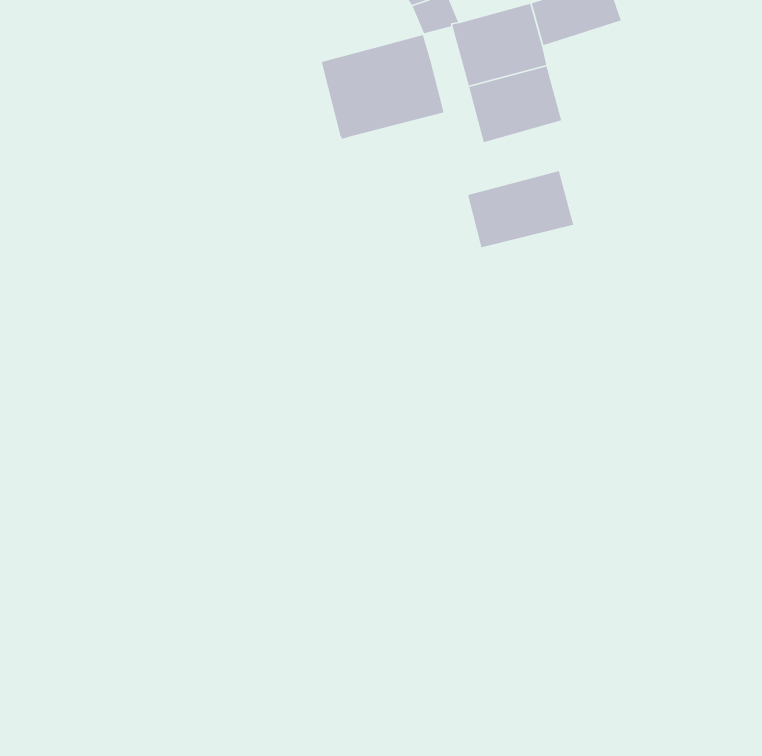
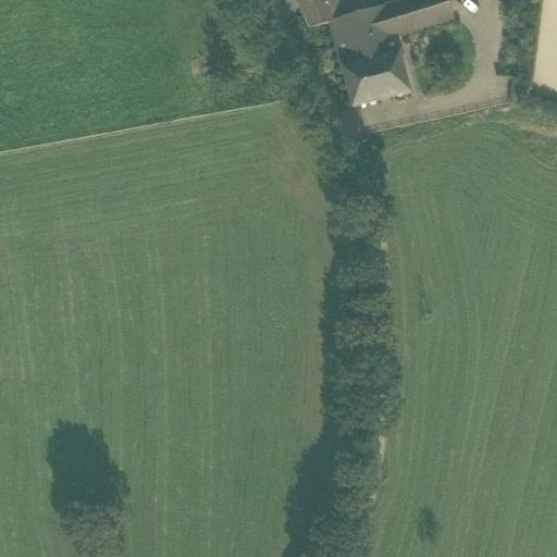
building: [321,34,444,140] -> none
building: [467,170,574,248] -> none

